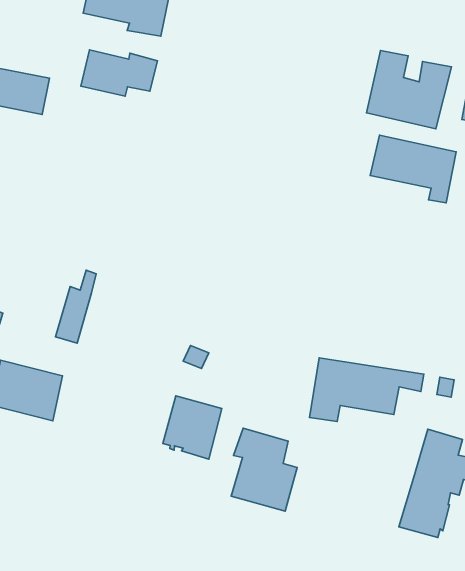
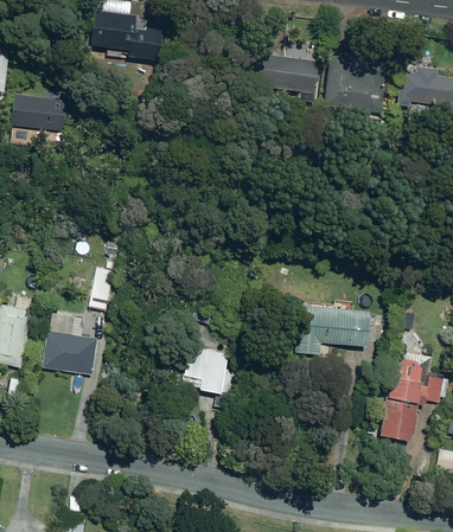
building: [81,50,158,96] -> none
building: [370,135,456,203] -> [251,53,319,103]
building: [231,428,297,511] -> none

